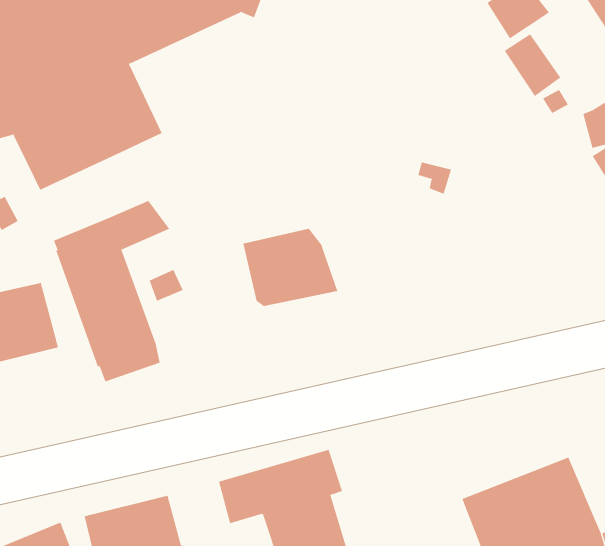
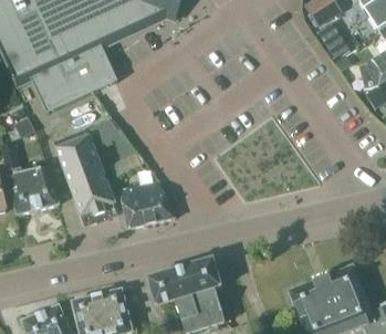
building: [242,228,338,307] -> [119,181,175,227]

